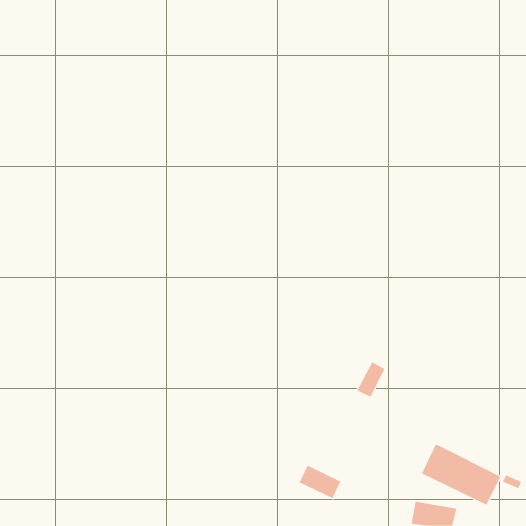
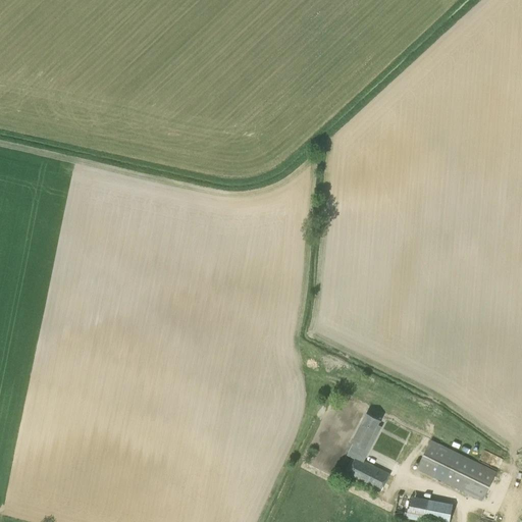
building: [356,362,385,398] -> [352,413,380,449]
building: [299,465,341,499] -> [348,457,389,490]

